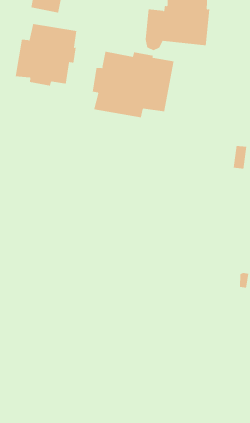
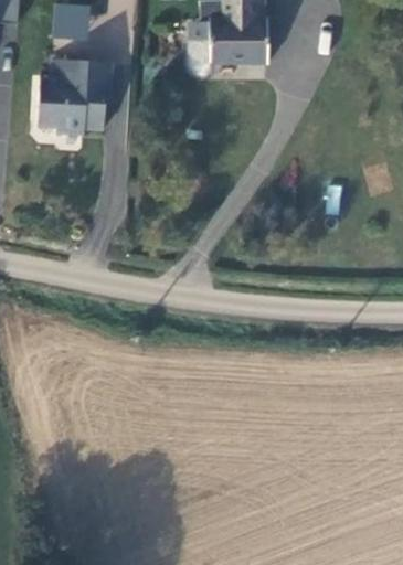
building: [92,51,174,118] -> none

